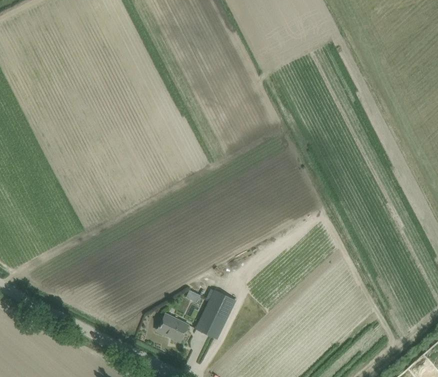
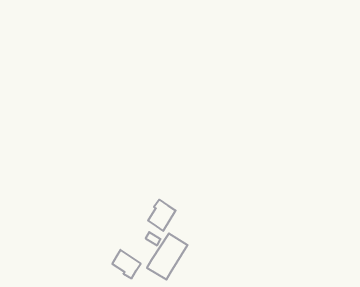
building: none -> [148,200,176,231]

